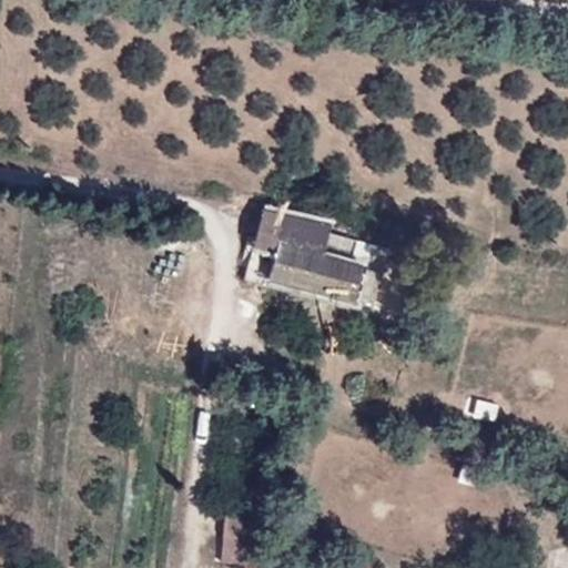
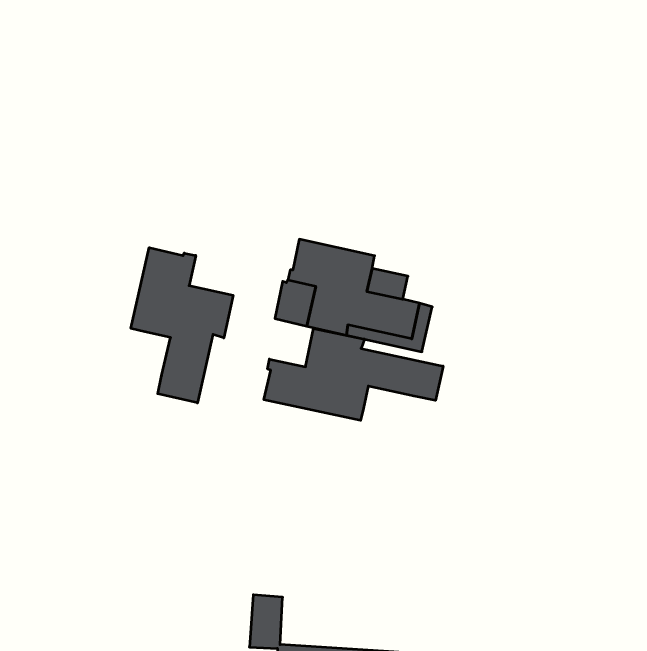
building: none -> [131,248,233,403]
building: none -> [264,328,443,420]

